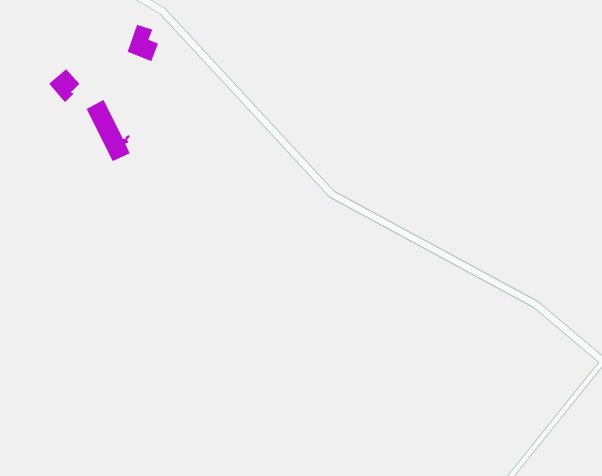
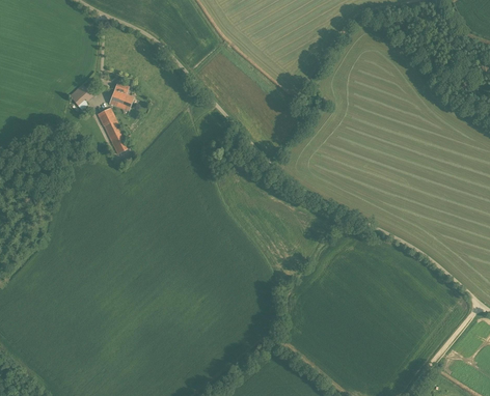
building: [127,24,159,62] -> [110,82,134,110]

